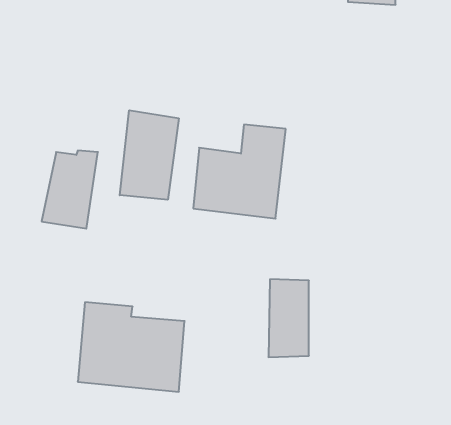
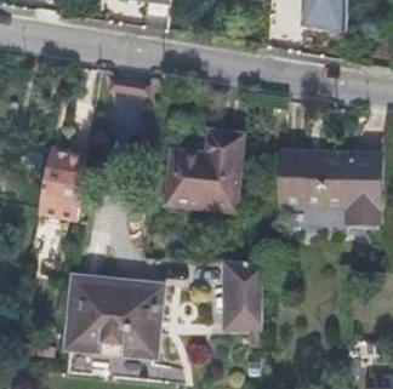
building: [120,110,179,200] -> none
building: none -> [275,151,377,224]

